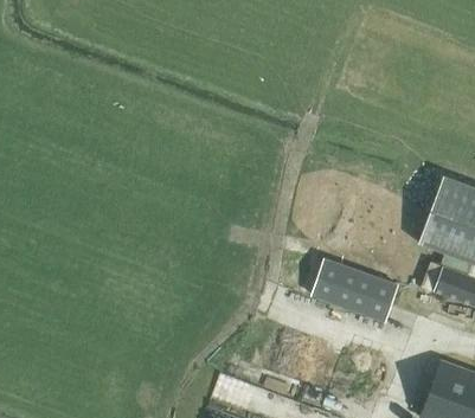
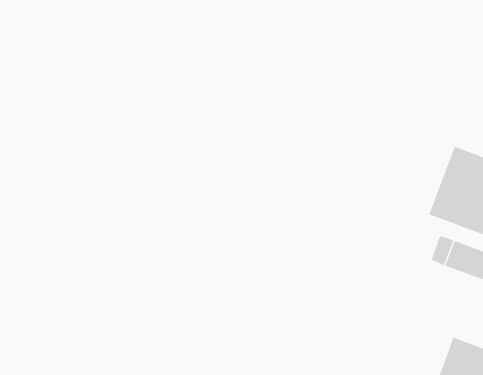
building: [313,259,398,321] -> none

